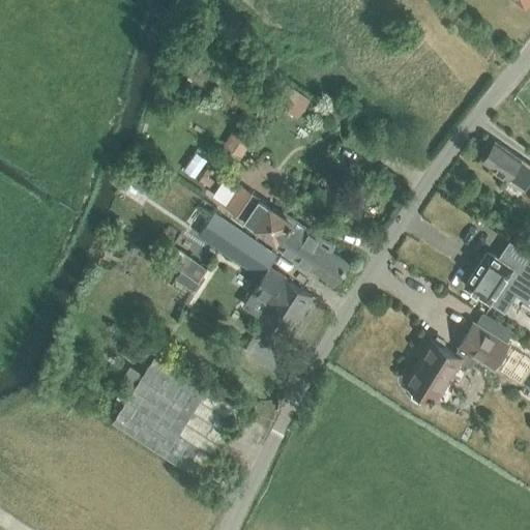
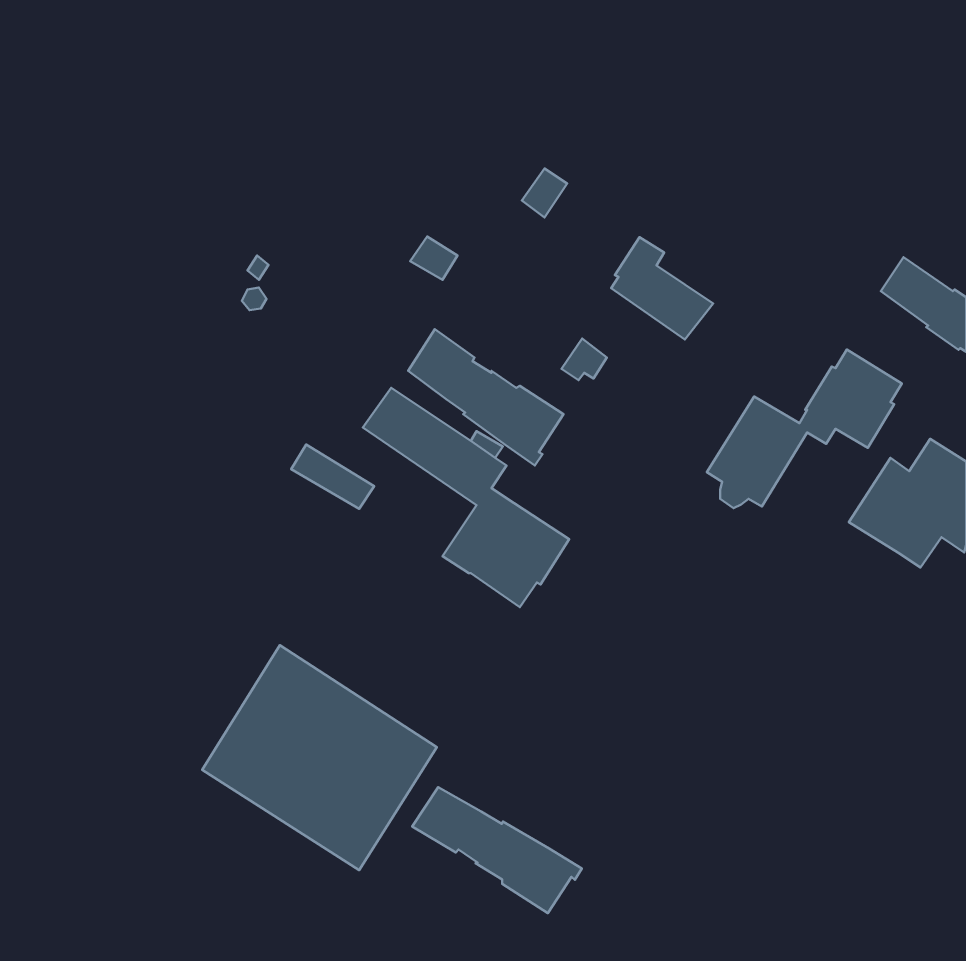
building: [293,230,349,286] -> [611,237,713,339]
building: [406,317,512,404] -> [707,349,902,508]
building: none -> [412,787,582,913]

